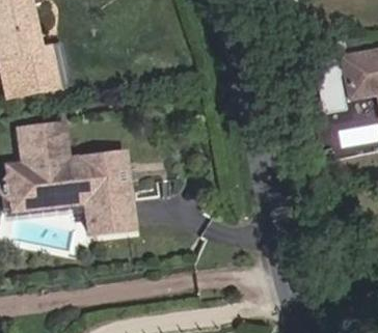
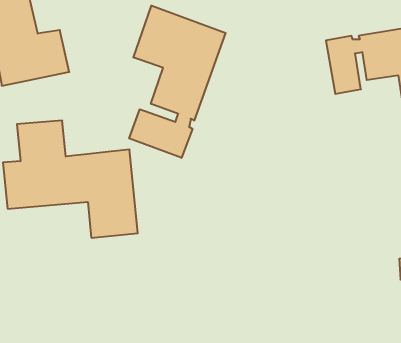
building: none -> [129,6,226,158]

